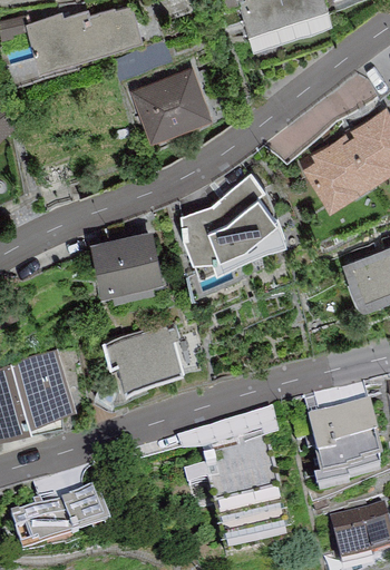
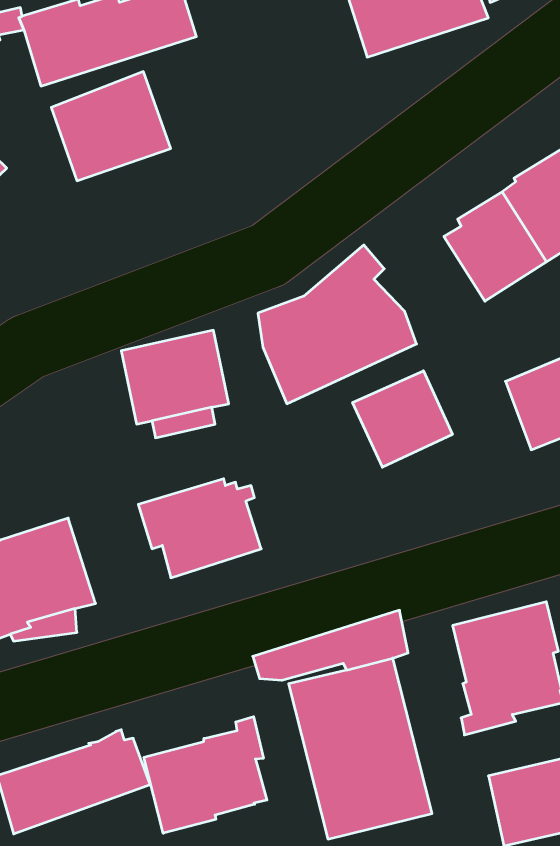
building: [133,69,211,140] -> [51,72,171,181]
building: none -> [353,371,452,467]
building: none -> [144,717,267,833]

